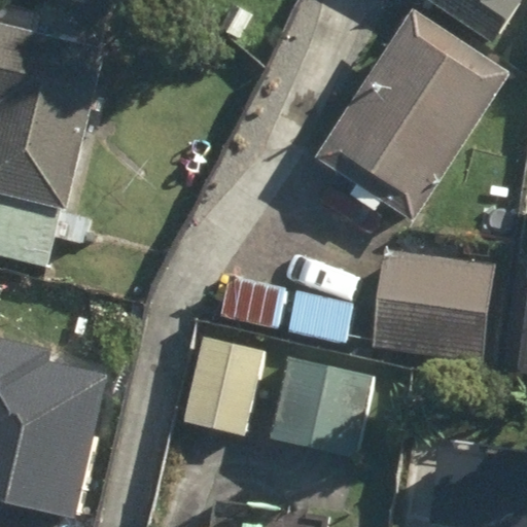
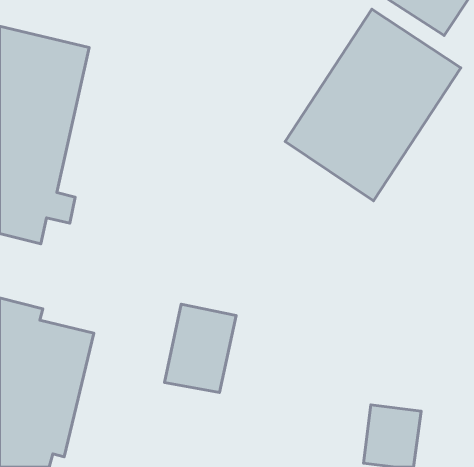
building: [377,251,495,356] -> none
building: [270,357,372,456] -> none

